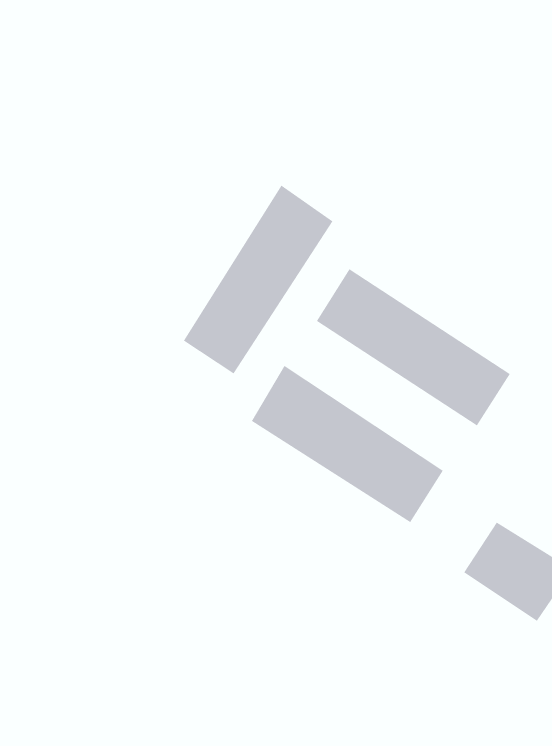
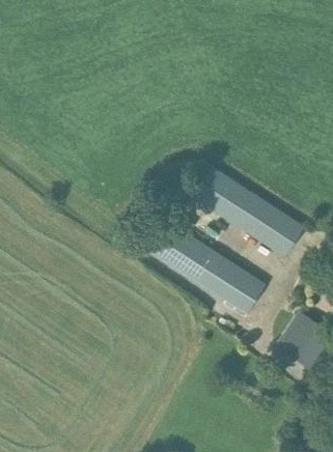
building: [183,185,334,374] -> none

